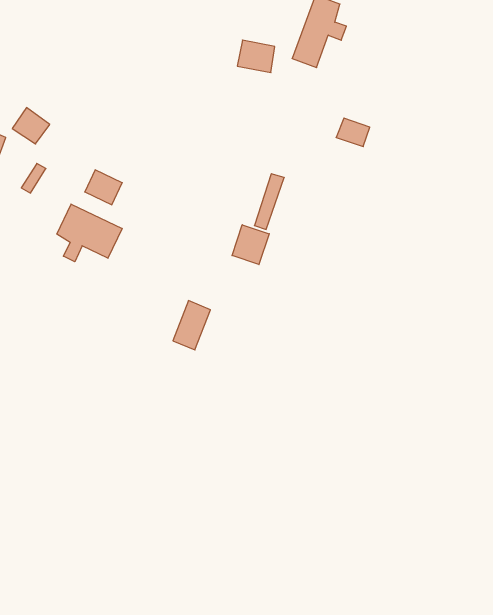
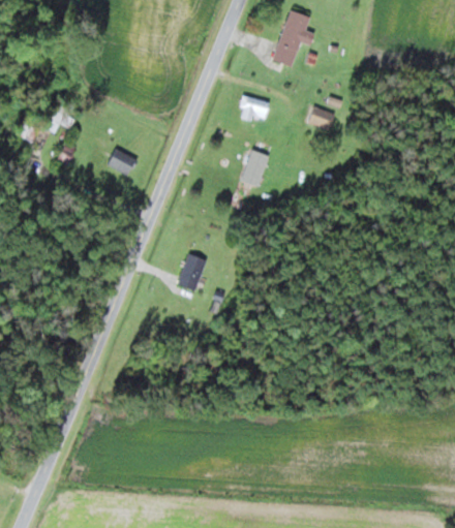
building: [237,40,275,73] -> [238,96,268,122]
building: [57,204,122,262] -> none
building: [232,225,269,265] -> none

